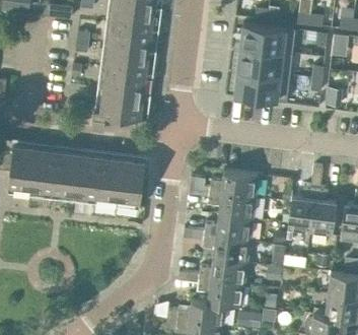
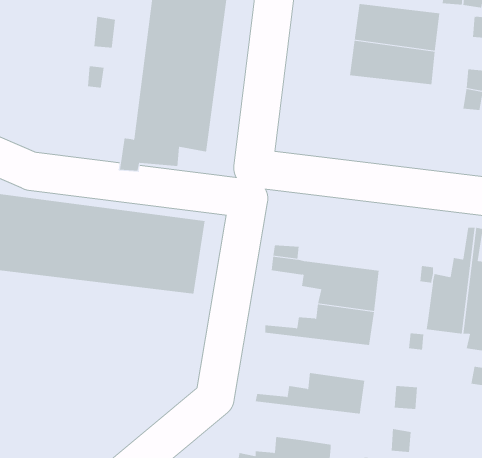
building: [234,71,290,103] -> none
building: [209,172,259,195] -> none
building: [183,234,250,265] -> none
building: [177,278,244,309] -> none

